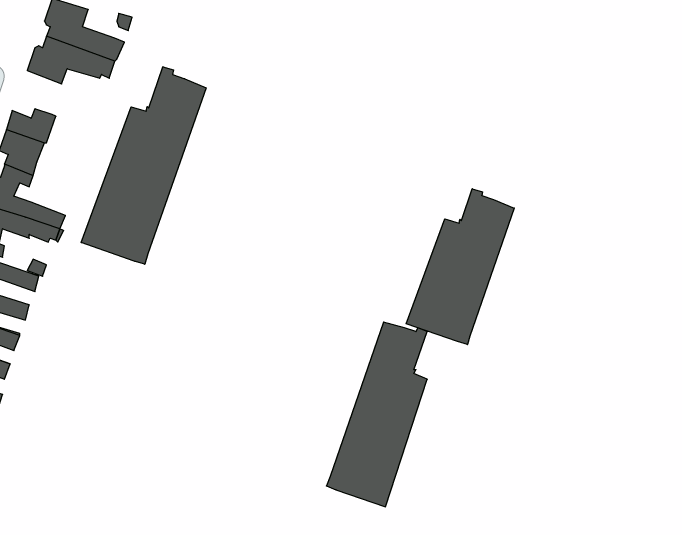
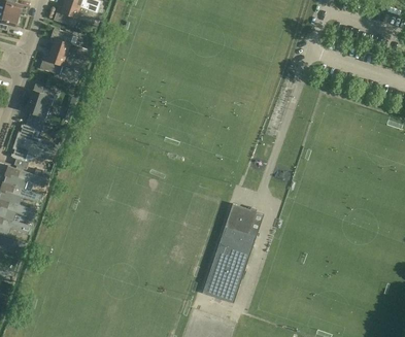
building: [81,67,206,264] -> none
building: [406,189,514,345] -> none

